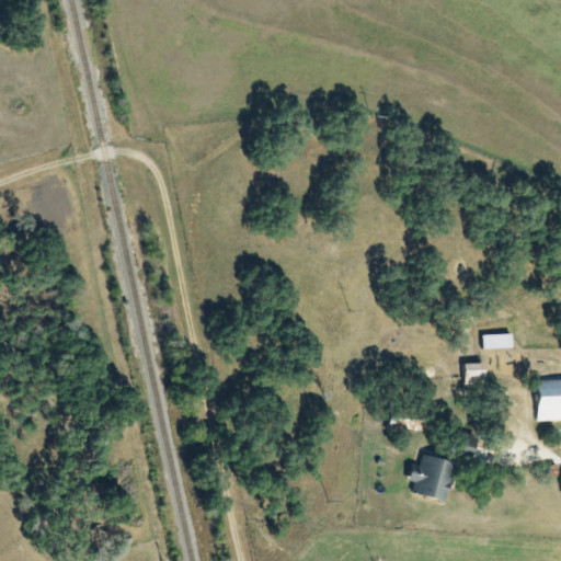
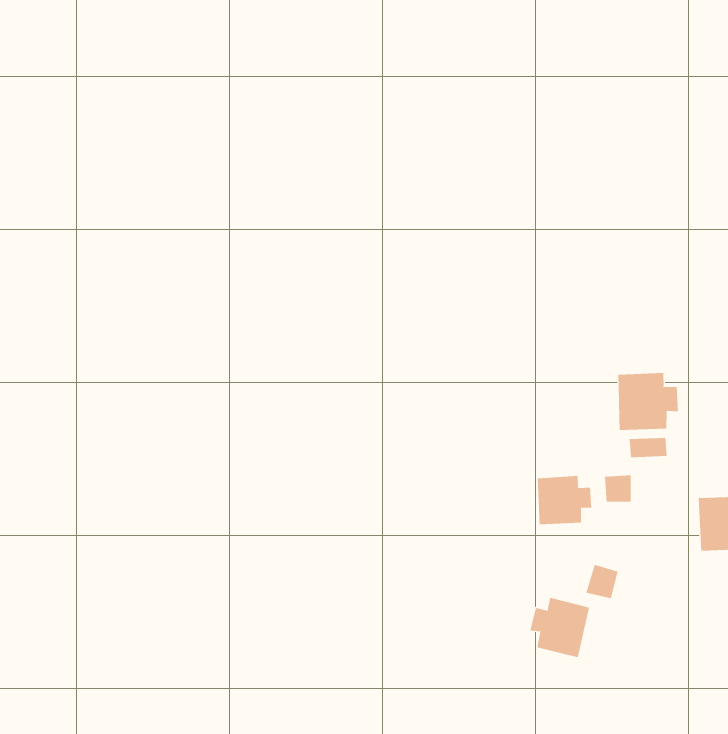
building: none -> [618,372,679,431]
building: none -> [537,475,592,525]

